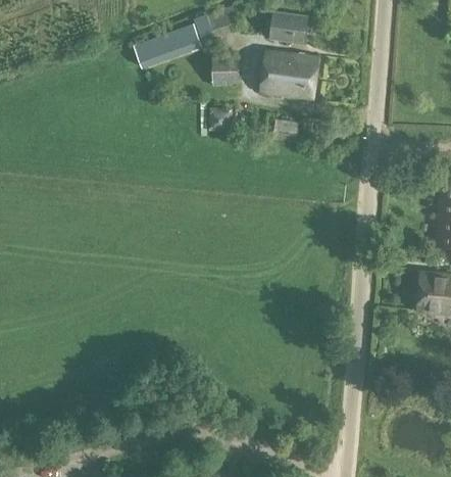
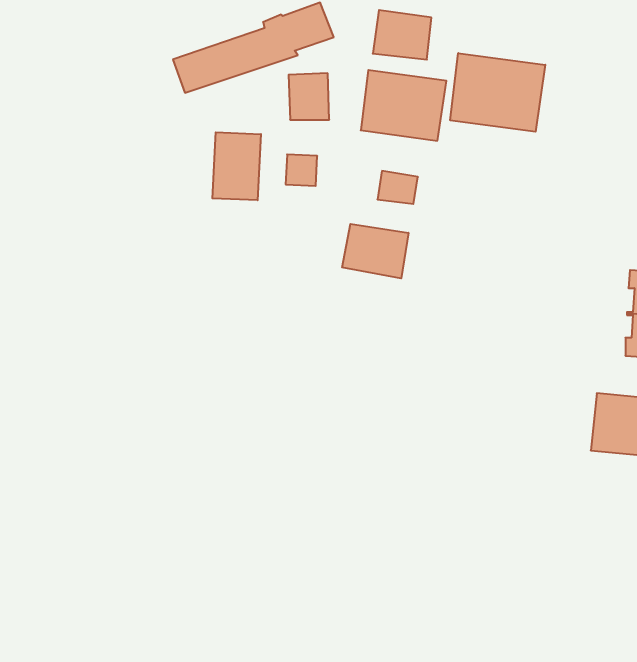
building: none -> [450,53,545,132]
building: none -> [212,132,261,200]
building: none -> [342,224,408,278]

